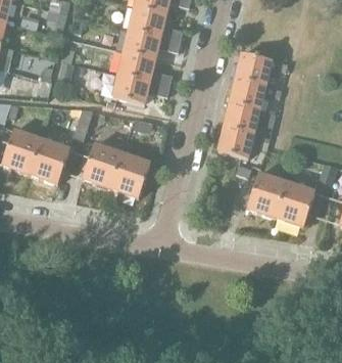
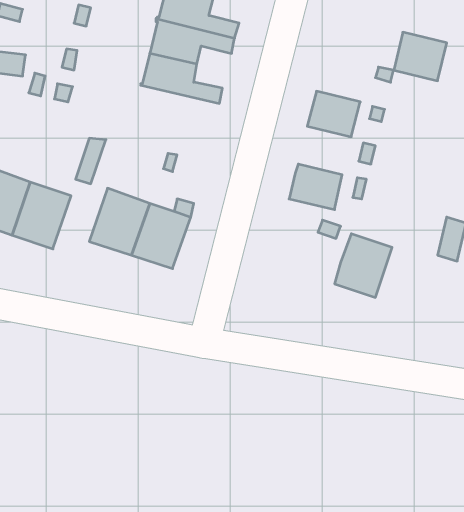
building: [235,52,271,85] -> [394,32,447,81]
building: [112,74,169,104] -> none
building: [223,101,258,134] -> none
building: [275,183,314,227] -> none

